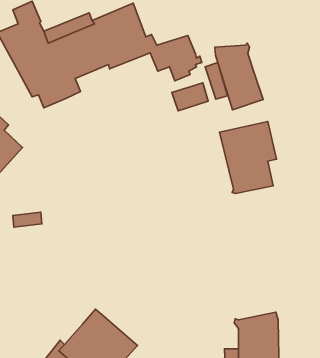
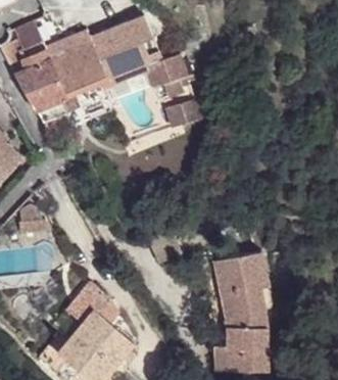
building: [215,43,263,110] -> none
building: [219,121,276,194] -> [213,252,268,321]
building: none -> [63,282,112,325]

